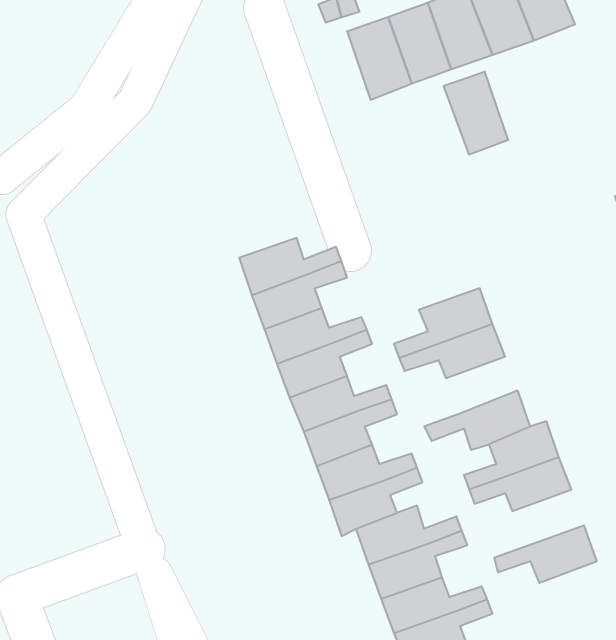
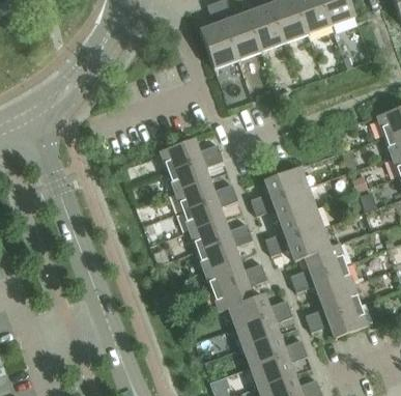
building: [444,72,508,154] -> [199,20,236,67]
building: none -> [265,207,321,248]
building: none -> [305,284,360,323]

